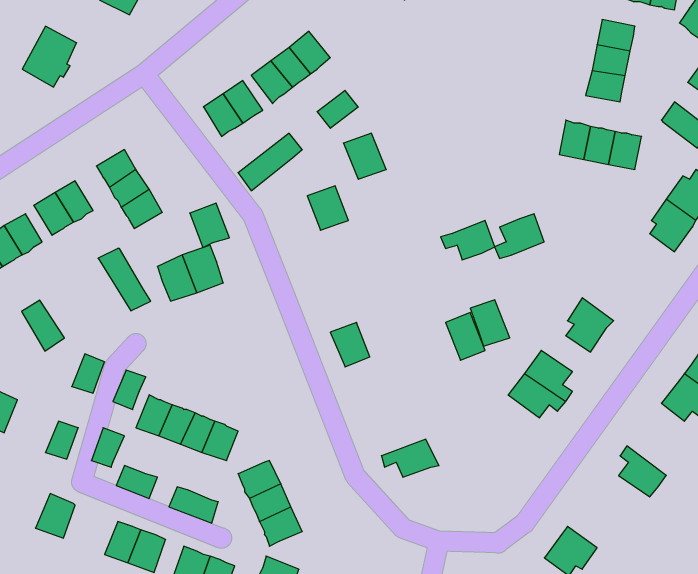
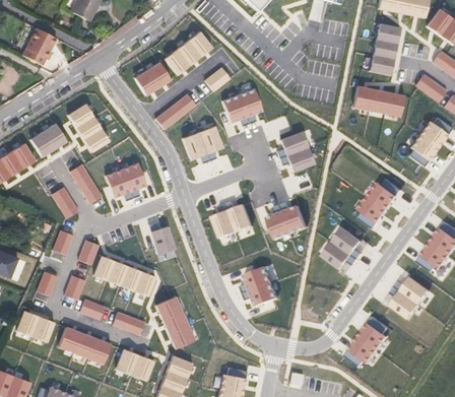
building: none -> [238,86,262,116]
building: [190,203,229,248] -> [182,132,206,159]
building: [495,214,544,258] -> [277,130,308,157]
building: none -> [368,179,401,209]
building: [470,300,510,346] -> [268,210,292,239]
building: [22,300,64,351] -> [52,187,78,218]
building: none -> [229,204,254,231]
building: none -> [150,225,175,254]
building: none -> [241,265,271,292]
building: none -> [395,276,430,305]
building: none -> [15,310,40,337]
building: none -> [359,317,388,349]
building: none -> [57,327,81,353]

